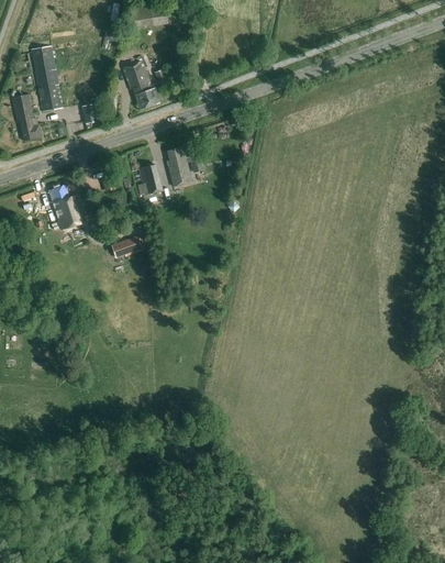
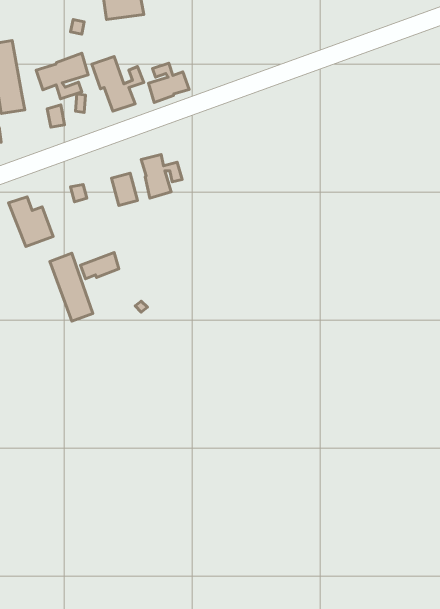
building: none -> [36,53,88,99]
building: none -> [148,63,189,103]
building: none -> [50,253,93,321]

